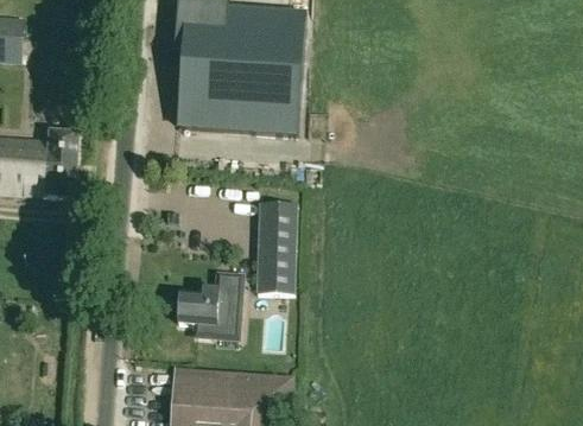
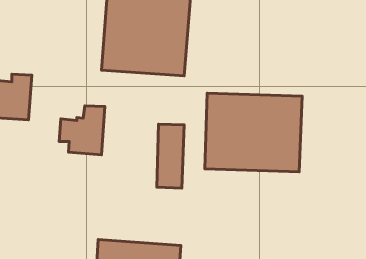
building: none -> [205,93,302,172]
building: [176,271,241,341] -> [59,106,105,155]

